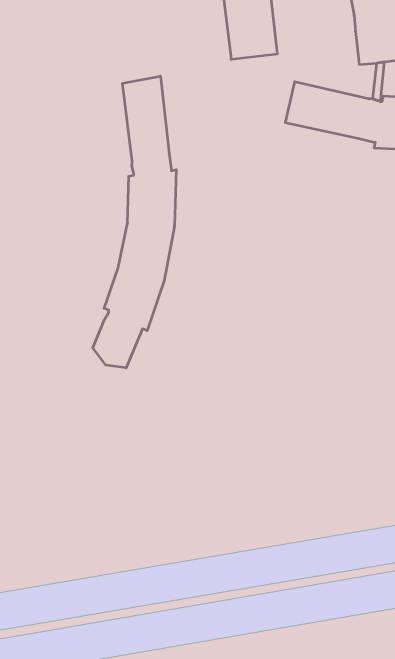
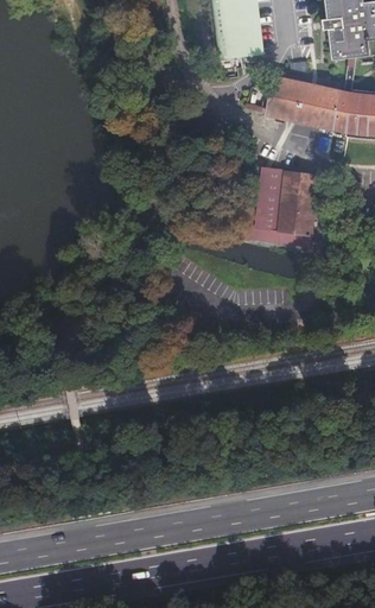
building: [93,76,176,368] -> none
building: none -> [235,169,317,247]

